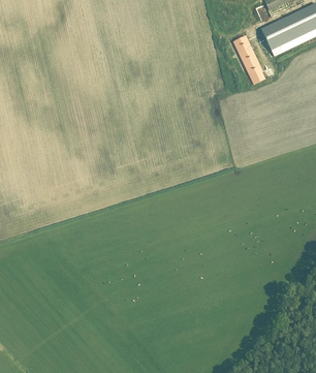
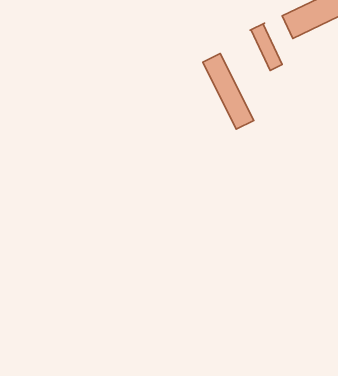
building: none -> [203,53,254,129]

